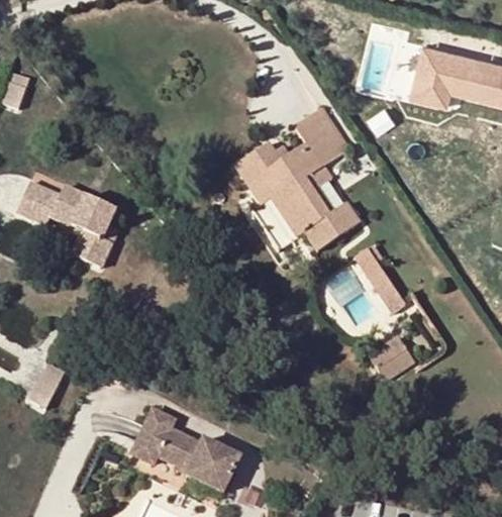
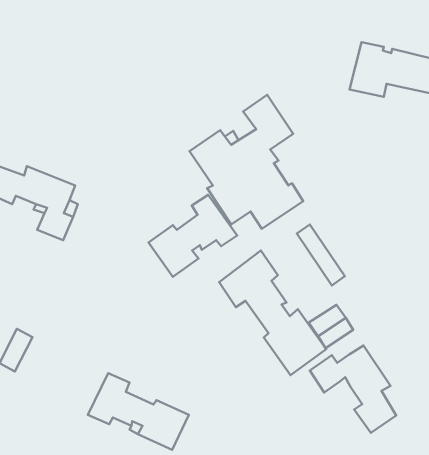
building: none -> [149,195,237,277]
building: none -> [219,250,326,375]
building: none -> [310,345,396,433]

